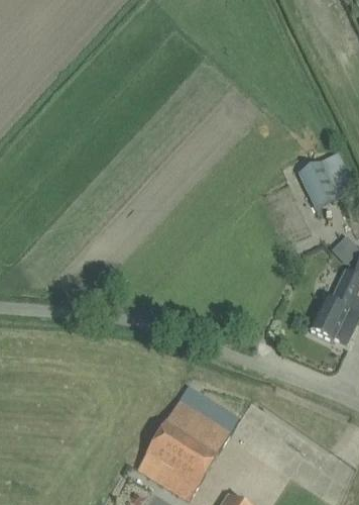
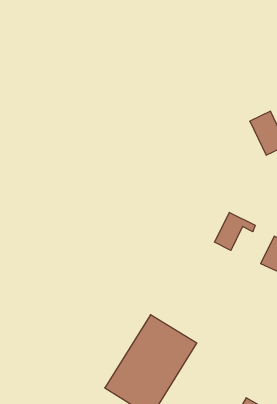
building: none -> [214,212,255,250]

